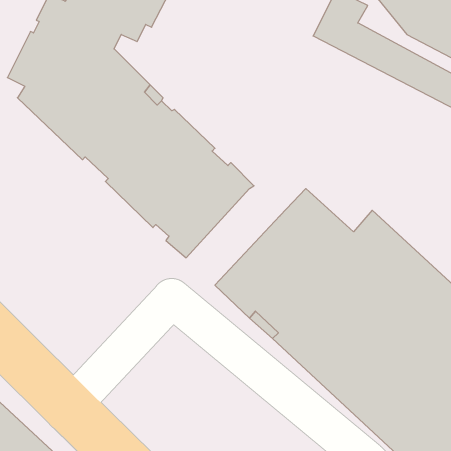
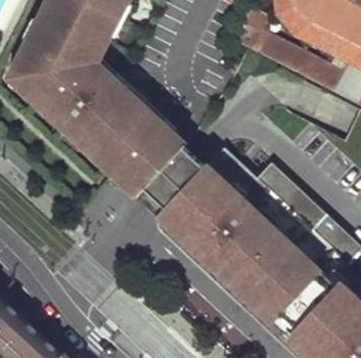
building: none -> [135,147,201,216]

